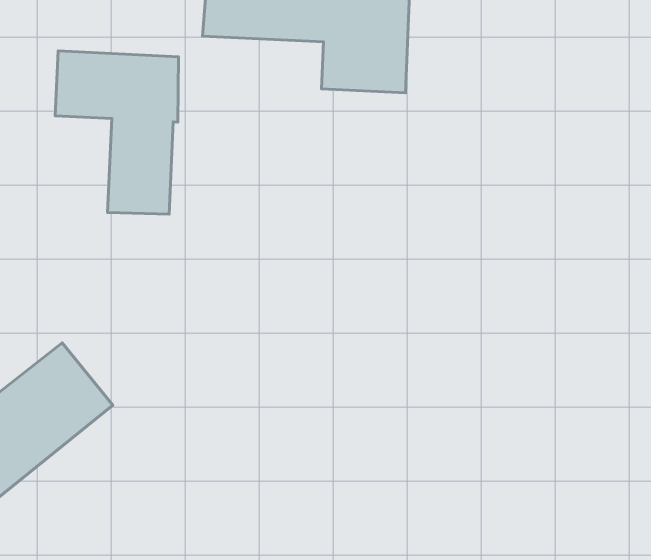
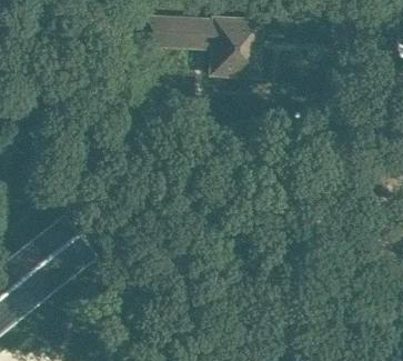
building: [55,51,179,214] -> none

